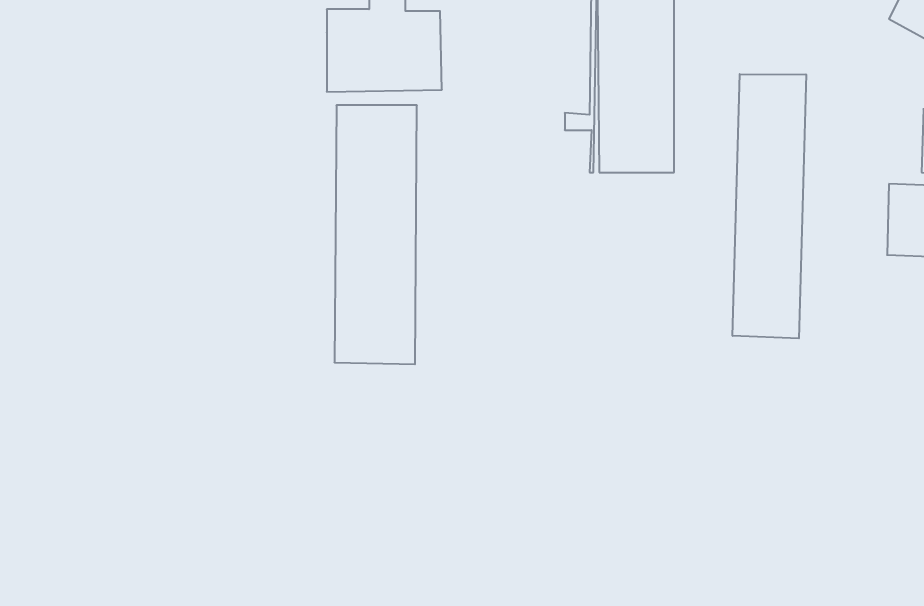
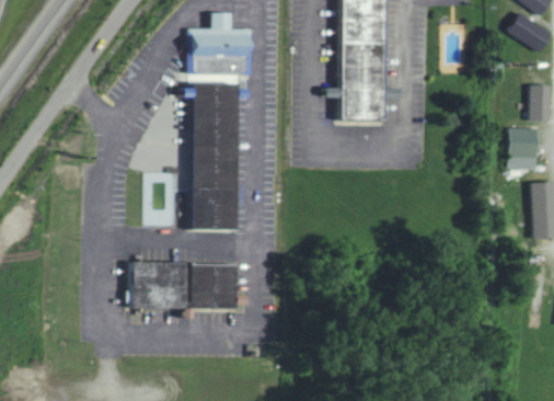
building: [733,74,806,338] -> none
building: none -> [131,261,238,310]

